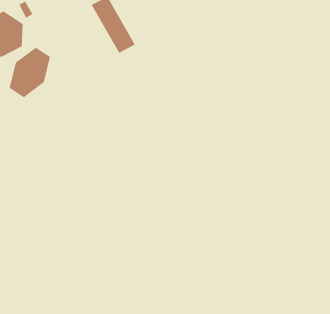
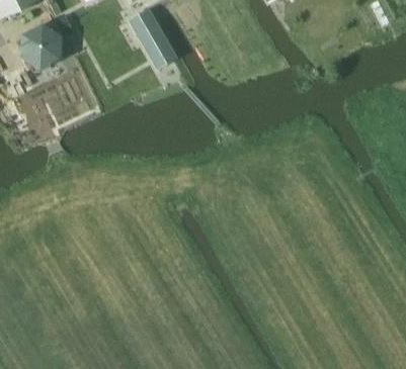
building: [9,47,51,98] -> none

